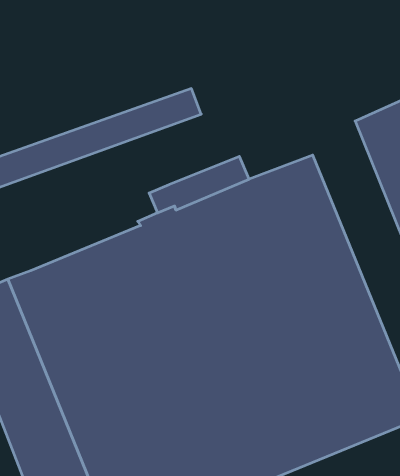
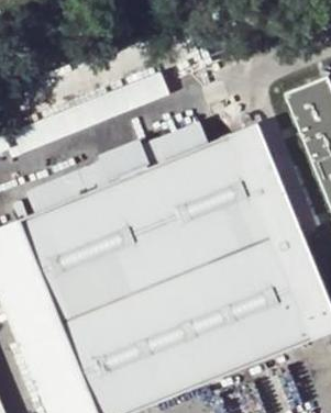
building: none -> [27,138,143,214]

